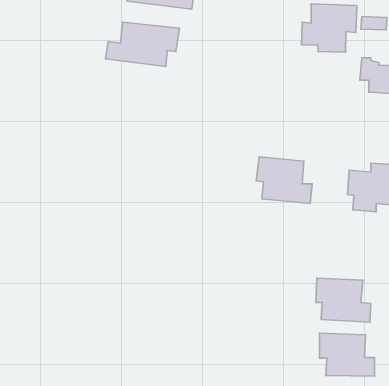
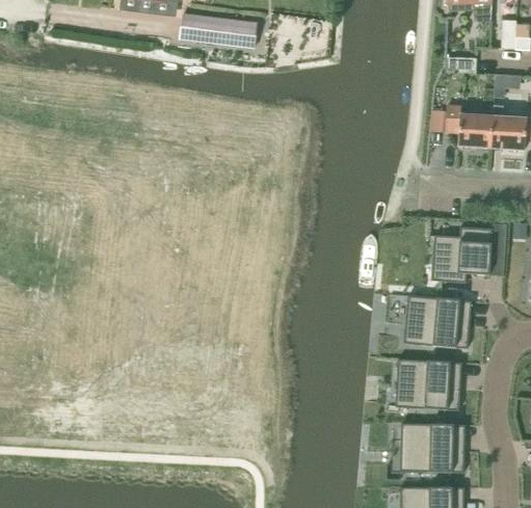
building: [301,4,357,52] -> none
building: [106,22,179,66] -> none
building: [256,157,312,203] -> [405,295,470,349]

